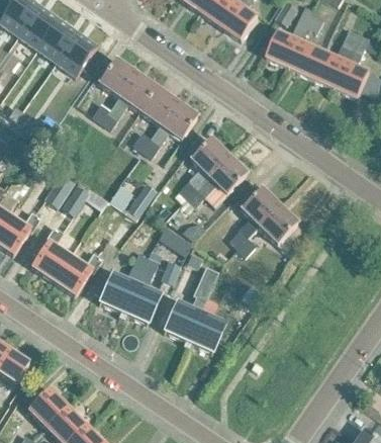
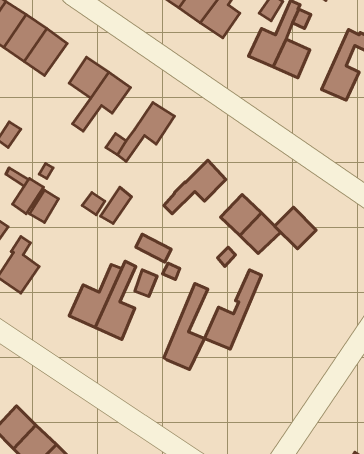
building: [313,27,361,88] -> none
building: [138,86,177,125] -> none
building: [178,138,228,197] -> none
building: none -> [275,207,316,249]
building: [53,252,102,294] -> none
building: [163,266,216,341] -> [205,270,261,349]

